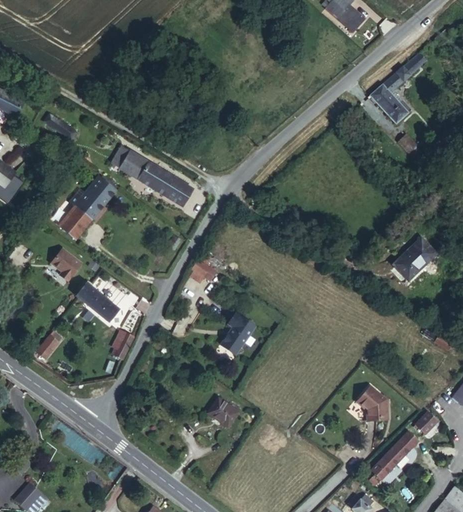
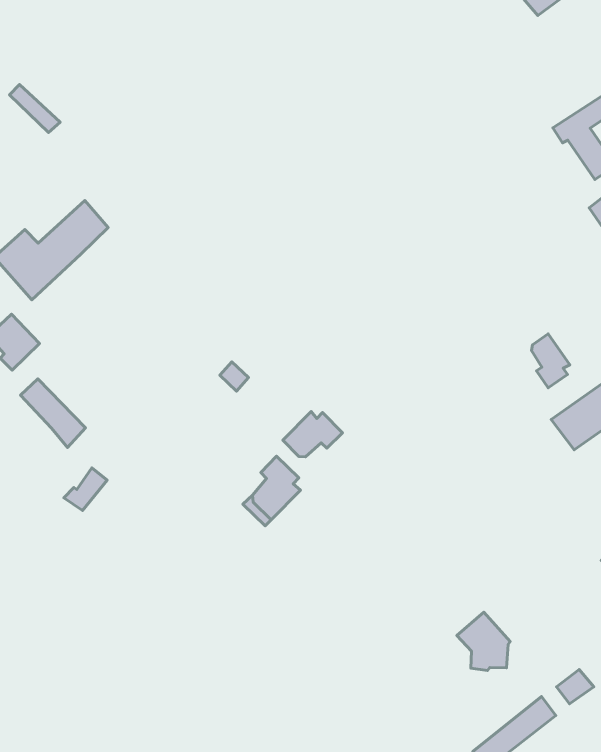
building: [113,146,194,207] -> none
building: none -> [531,334,570,388]
building: none -> [283,411,342,457]
building: [210,399,242,429] -> none

